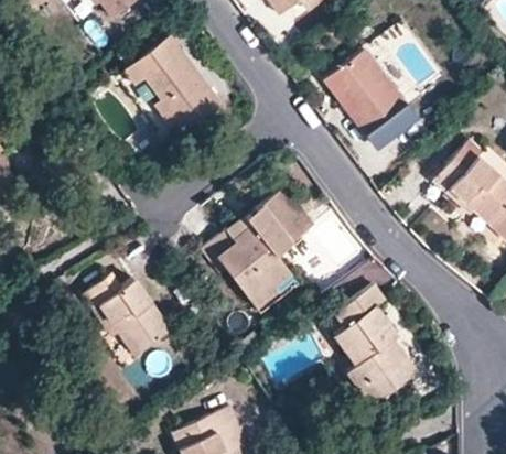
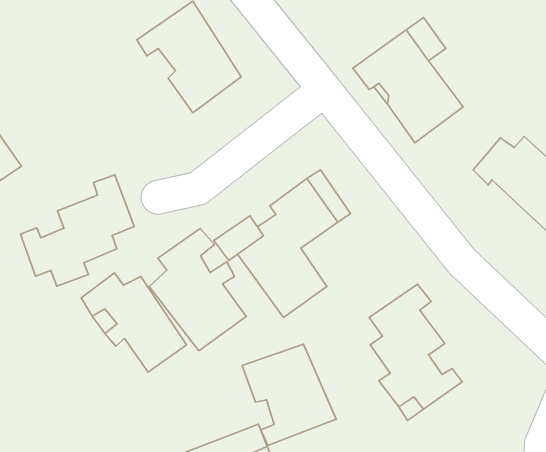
building: none -> [21,175,134,286]
building: none -> [149,228,246,351]
building: none -> [242,344,336,445]

